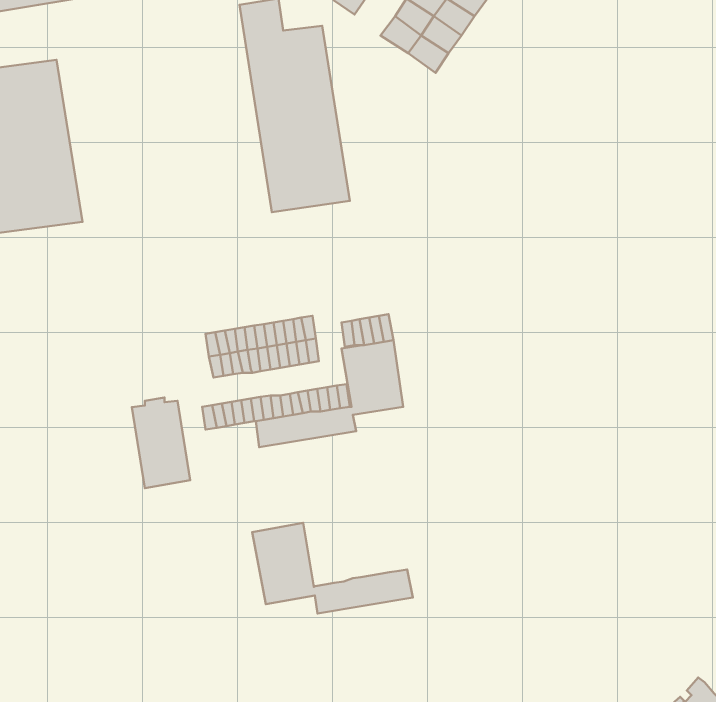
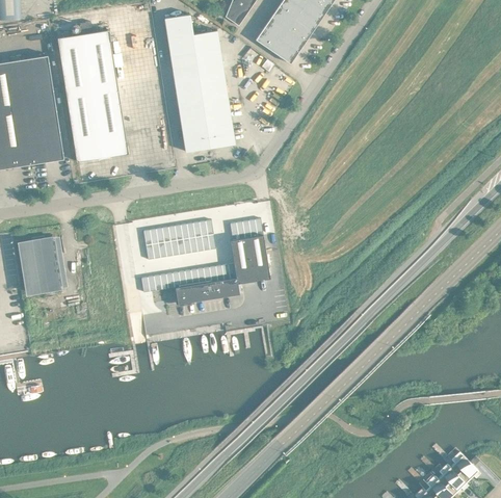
building: none -> [57,30,128,161]
building: [132,397,190,488] -> [23,235,60,293]
building: [252,523,413,614] -> none

